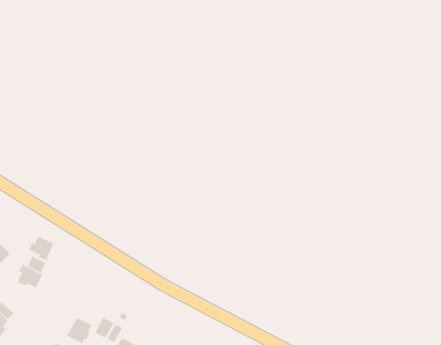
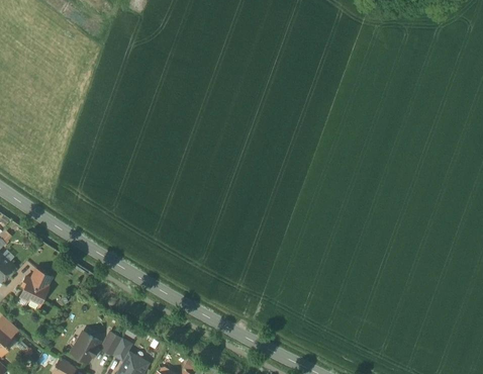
building: [29,236,55,261] -> none

